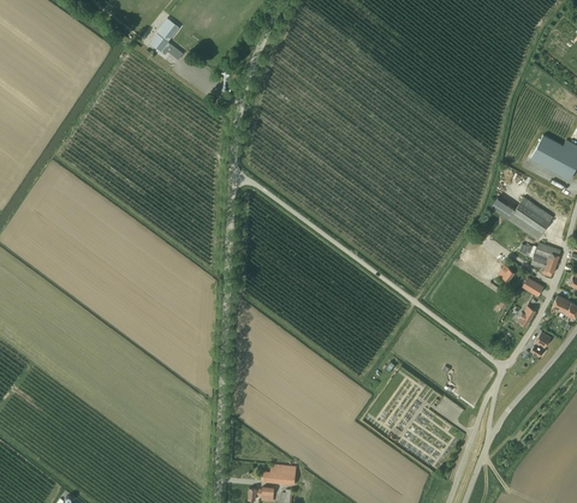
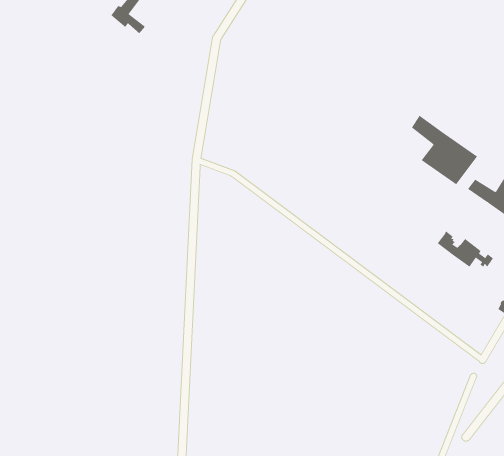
building: none -> [411,115,478,185]

